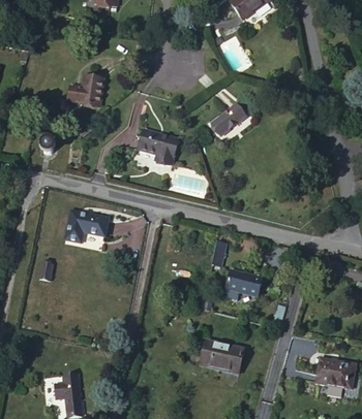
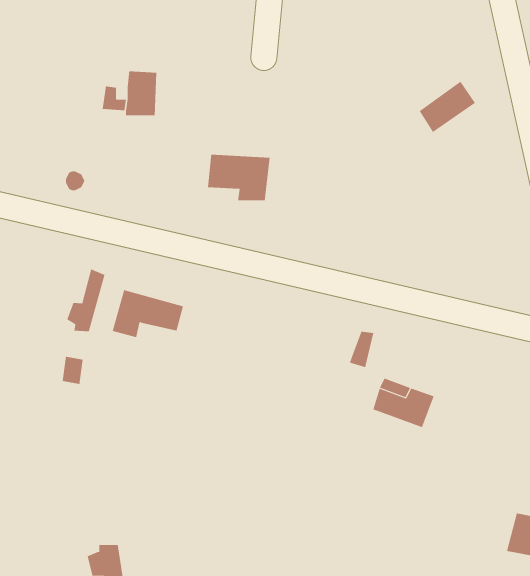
building: [206,101,241,133] -> [419,81,476,133]
building: none -> [67,269,105,332]
building: [206,336,250,374] -> none

